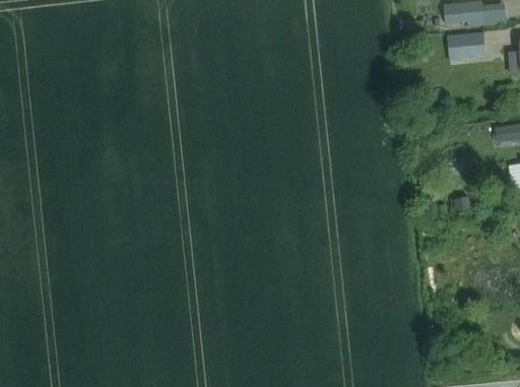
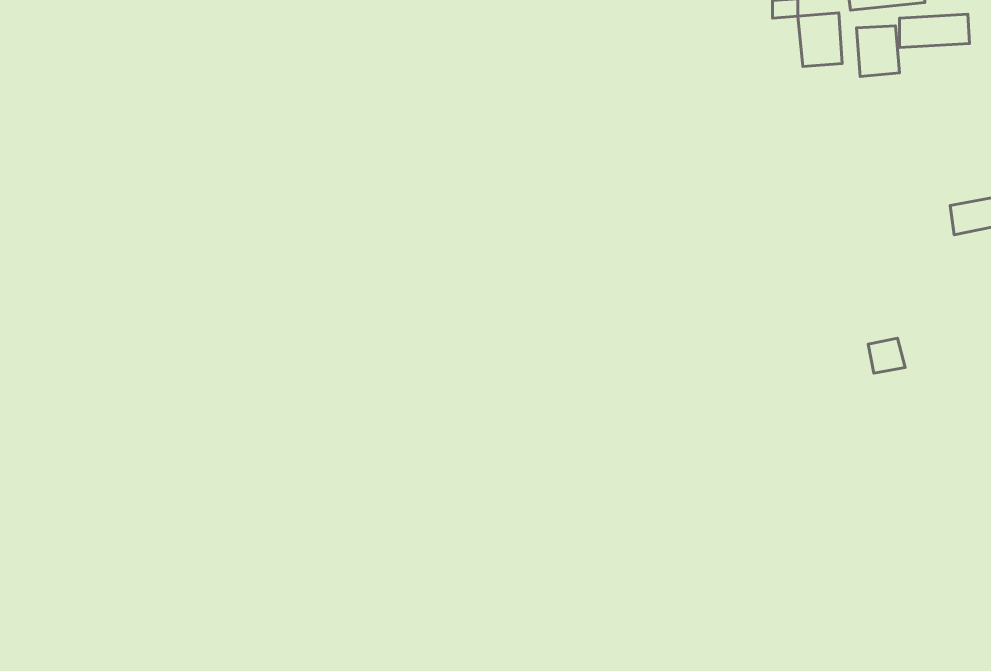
building: none -> [798,13,842,66]

